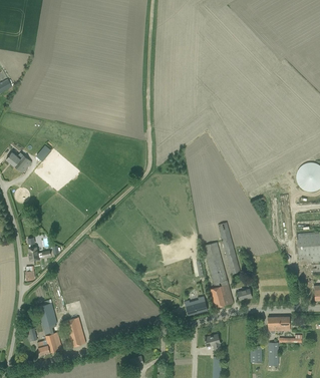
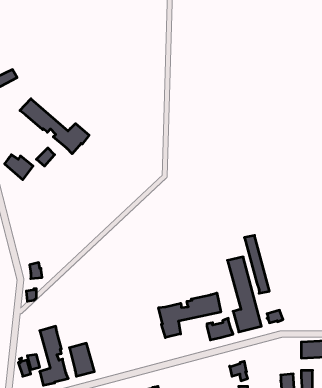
building: none -> [20,99,89,154]
building: none -> [159,293,221,338]

